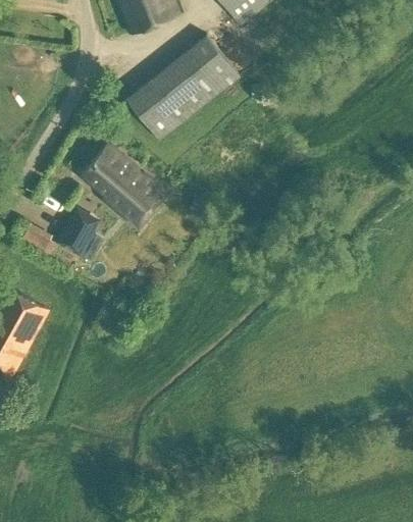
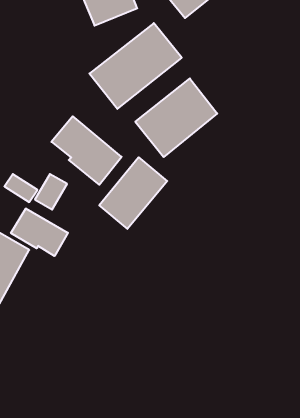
building: none -> [135,78,217,157]
building: none -> [99,157,167,229]
building: none -> [11,208,68,256]

